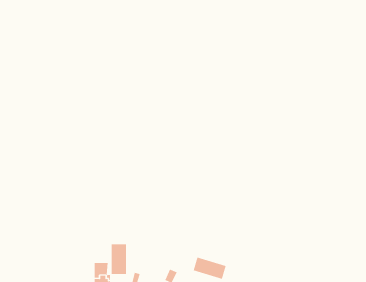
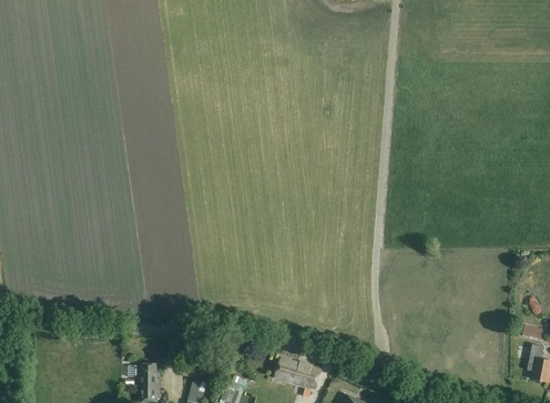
building: [111,244,127,275] -> none

